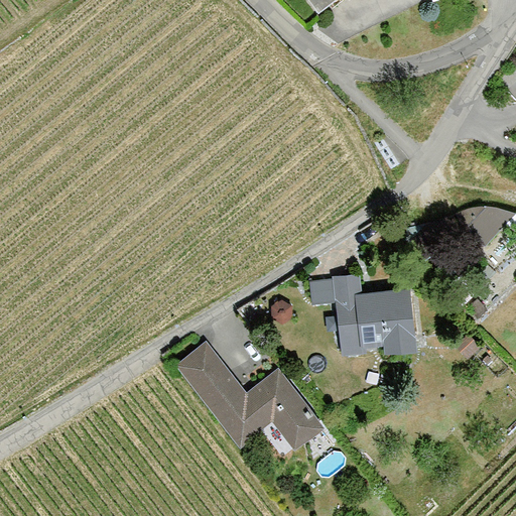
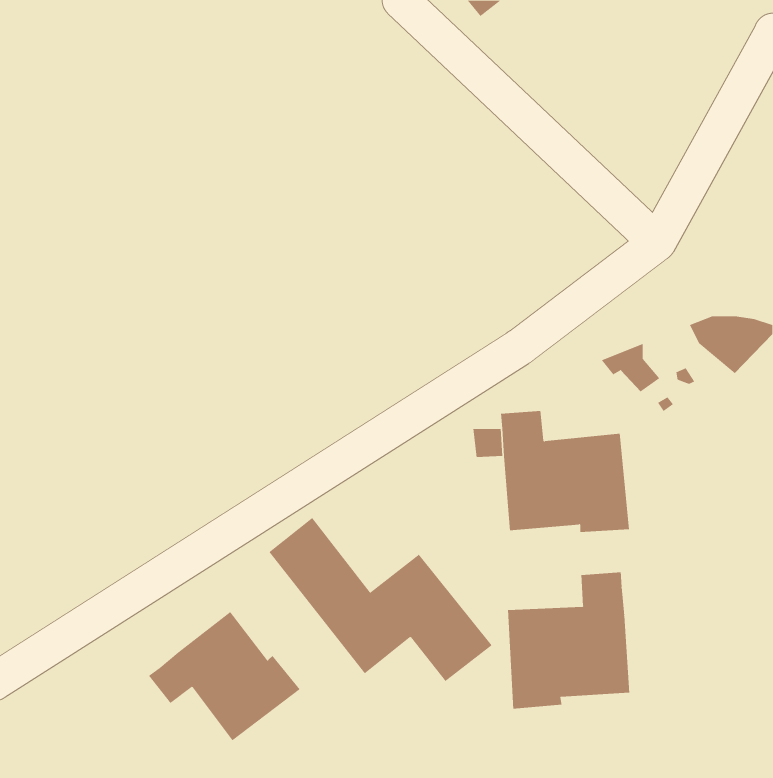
building: none -> [508,571,630,710]
building: none -> [148,611,300,741]

